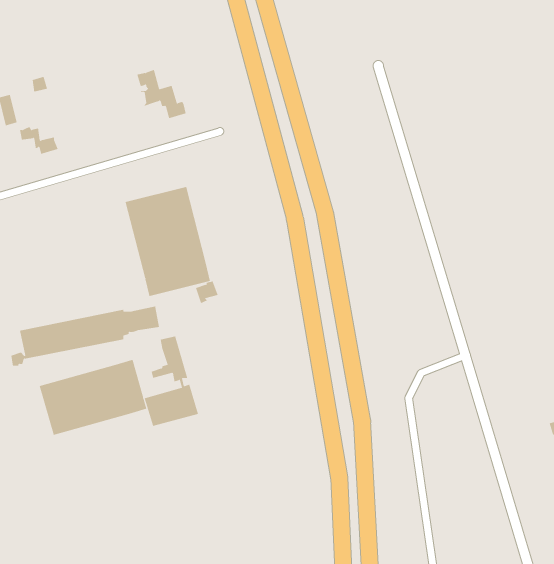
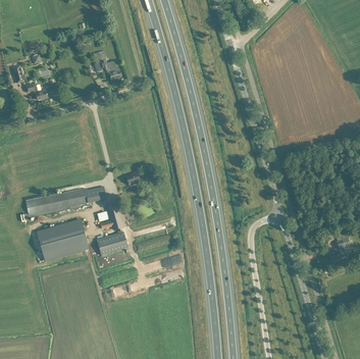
building: [125,186,211,297] -> none

